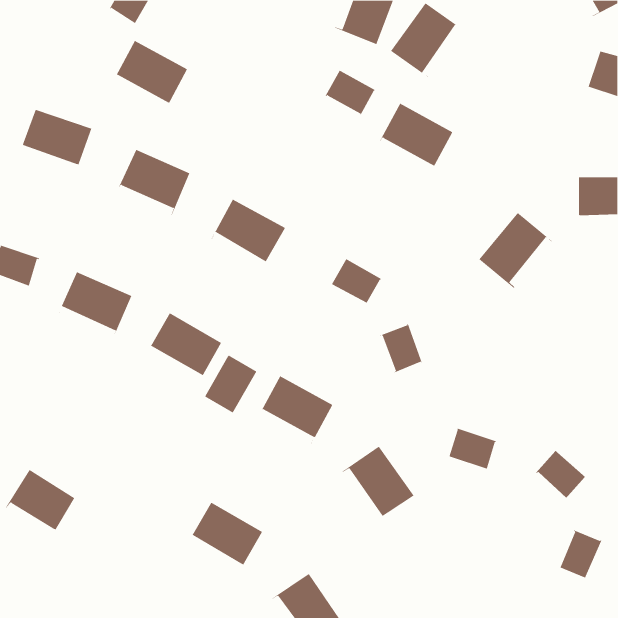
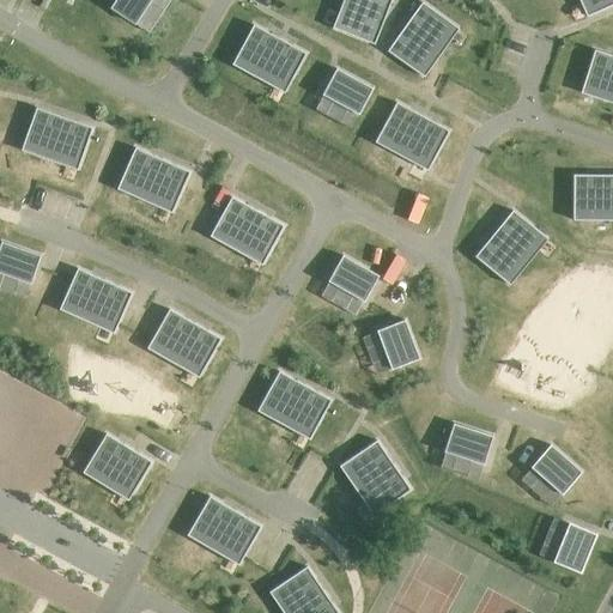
building: [113,40,188,110] -> [230,25,304,95]
building: [199,351,257,413] -> none
building: [5,469,75,537] -> [80,435,150,502]

